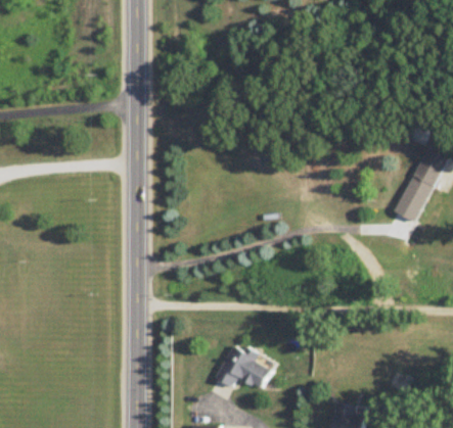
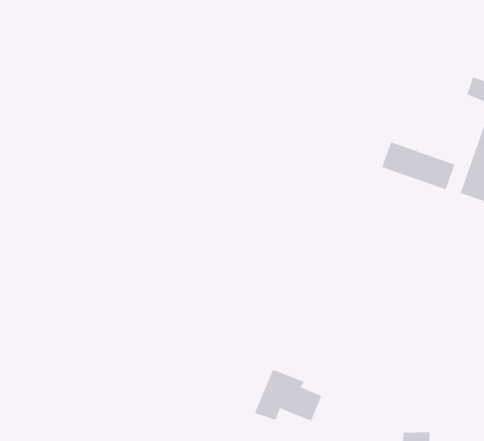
building: none -> [382,142,455,190]

